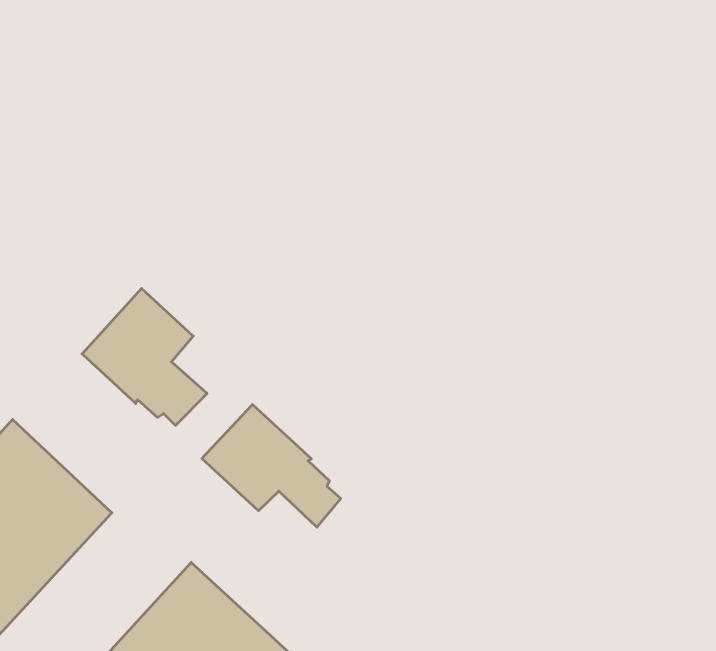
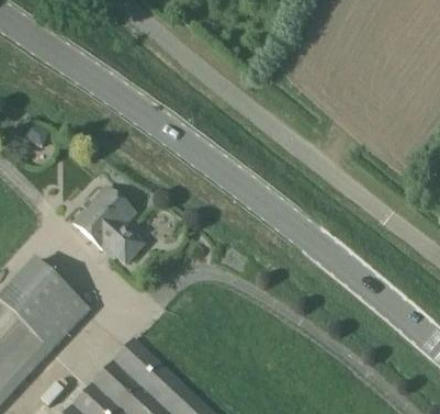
building: [202,405,341,527] -> none

